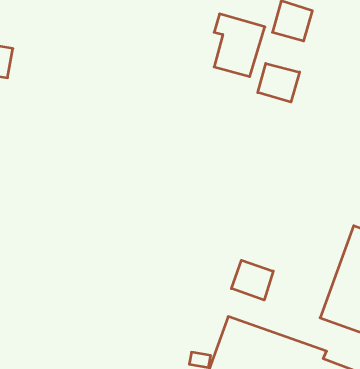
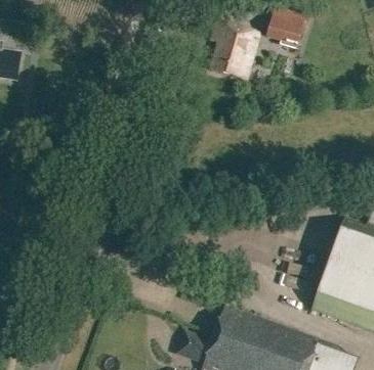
building: [258,63,300,102] -> none
building: [231,260,273,300] -> none

